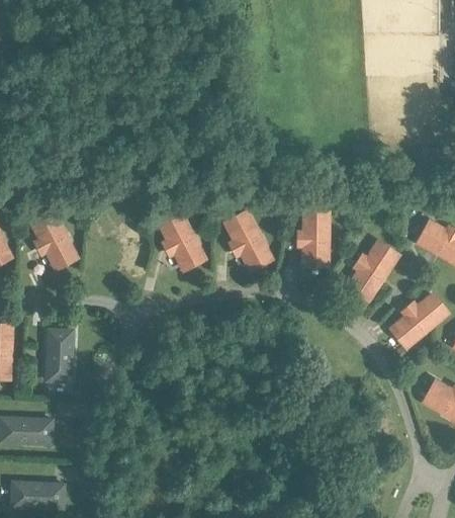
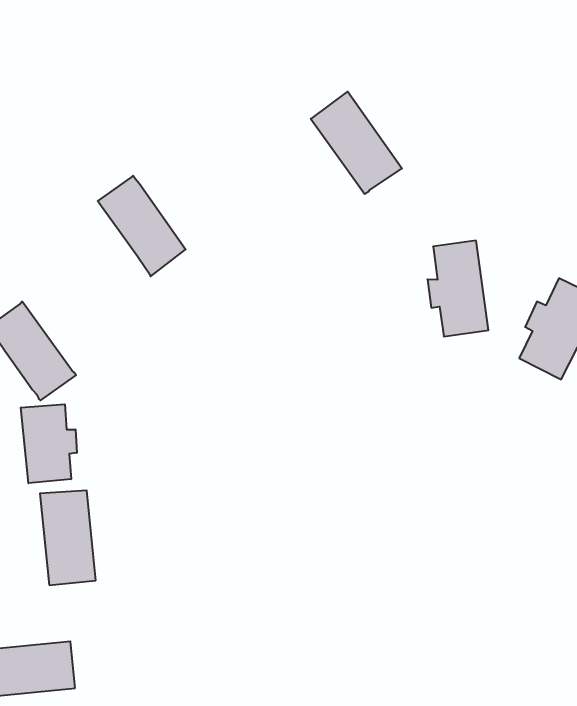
building: [223,210,274,273] -> [311,92,402,194]
building: [158,211,206,273] -> [98,176,186,276]
building: none -> [21,404,77,483]

